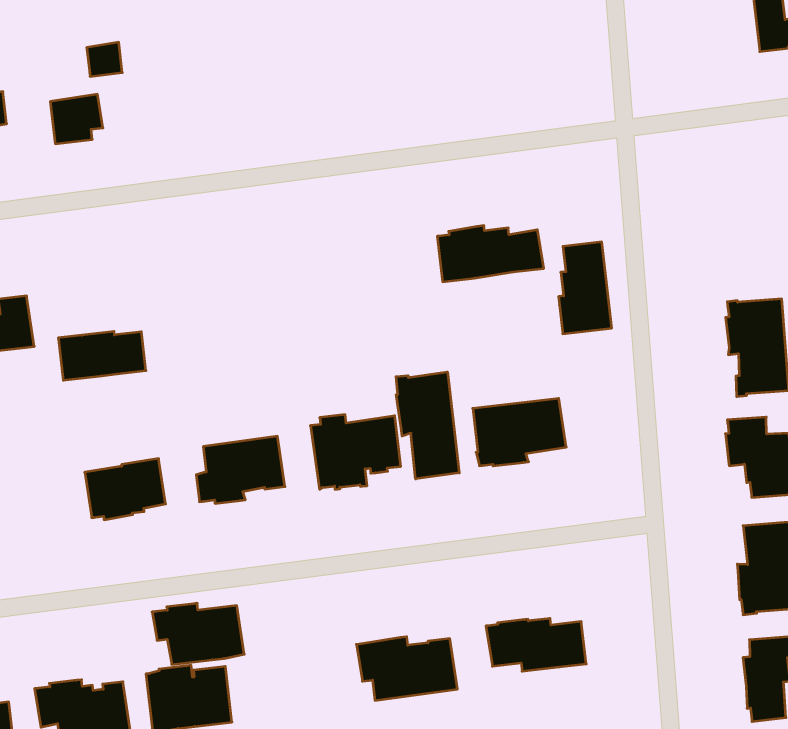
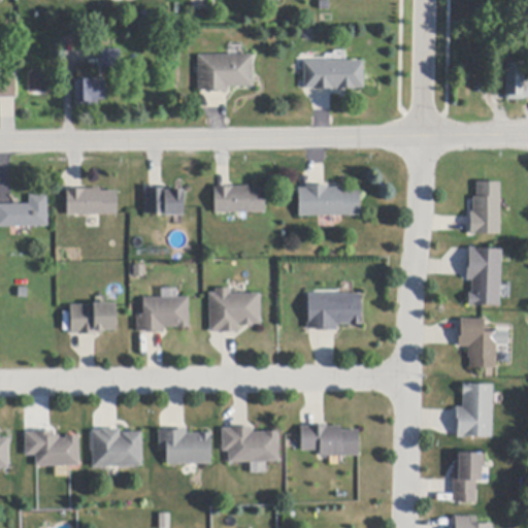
building: none -> [303,59,363,90]
building: none -> [197,54,252,91]
building: [559,242,612,334] -> [469,180,499,233]
building: none -> [212,185,264,211]
building: none -> [144,187,184,214]
building: [58,331,146,380] -> [66,188,117,213]
building: [396,372,459,479] -> none
building: [152,603,244,664] -> [158,428,210,463]

